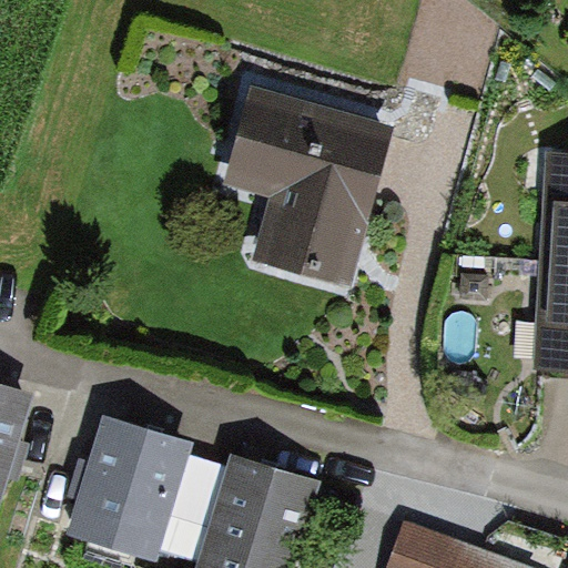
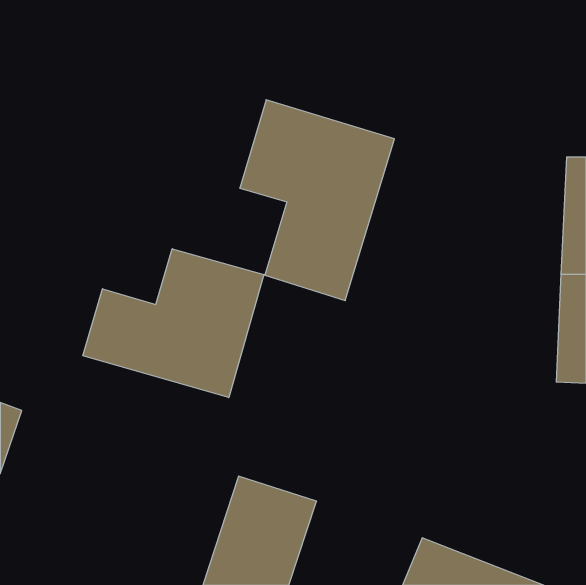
building: none -> [83,249,264,398]
building: [70,422,181,556] -> none

